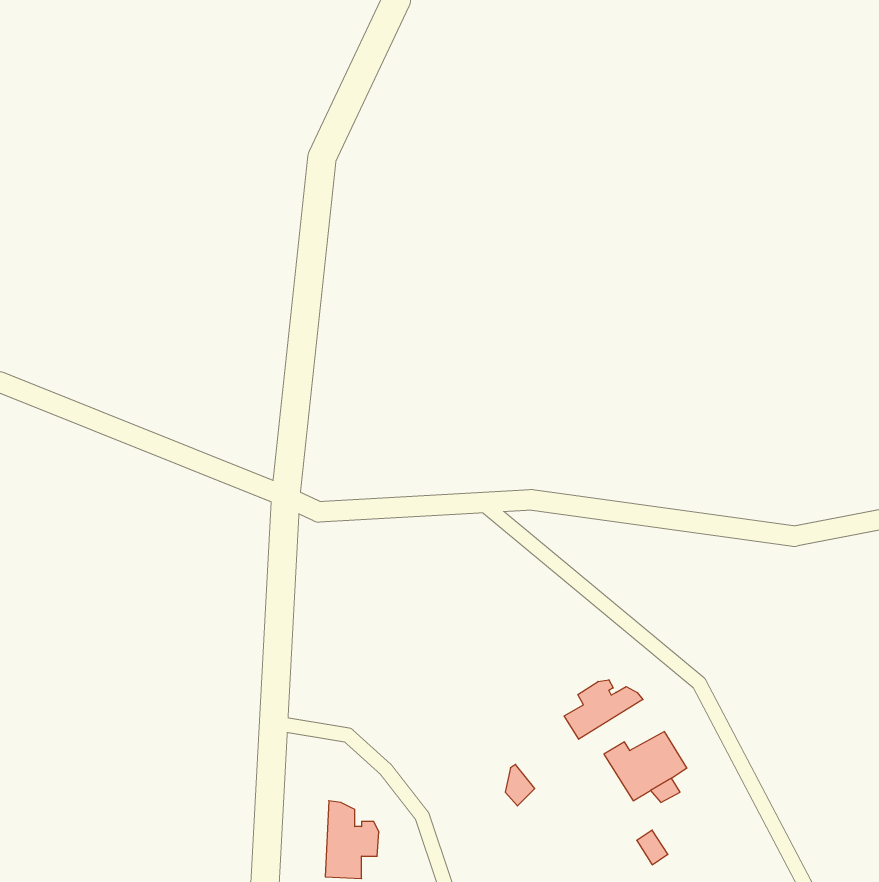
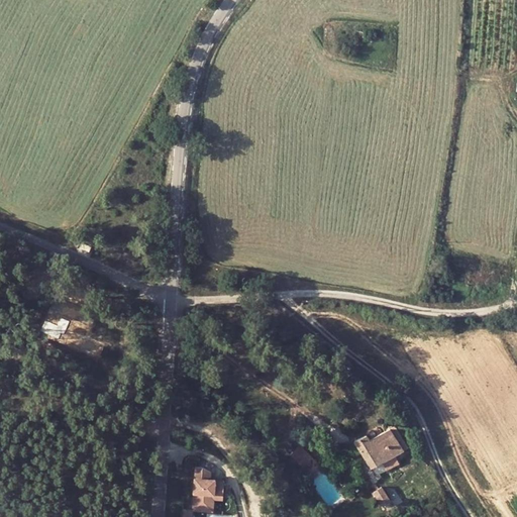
building: [564,680,643,739] -> none

